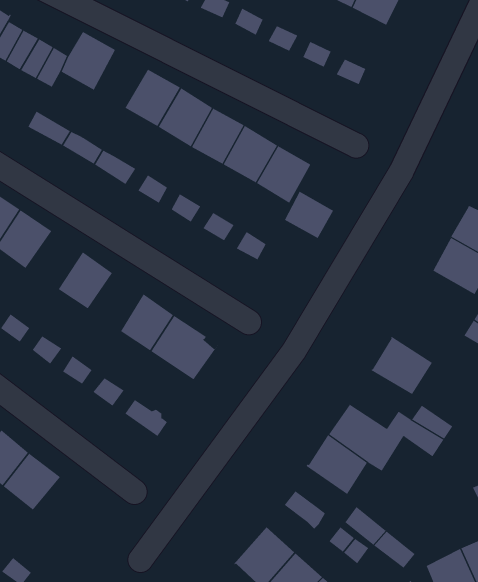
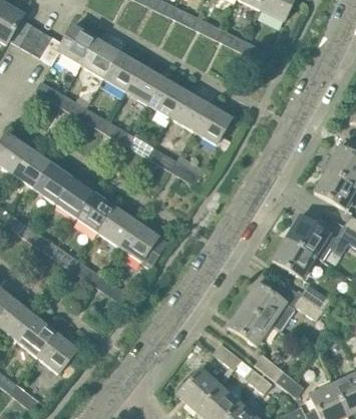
building: none -> [81,38,118,78]
building: [284,191,334,239] -> none
building: none -> [34,163,73,203]
building: none -> [77,192,115,233]
building: none -> [288,215,334,260]
building: none -> [39,334,78,373]

